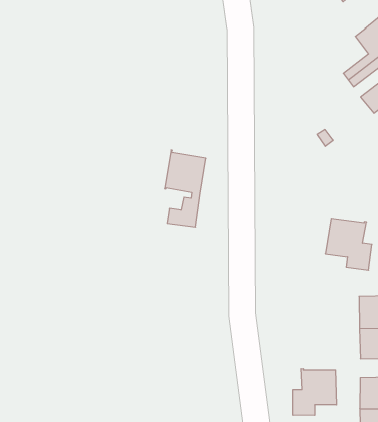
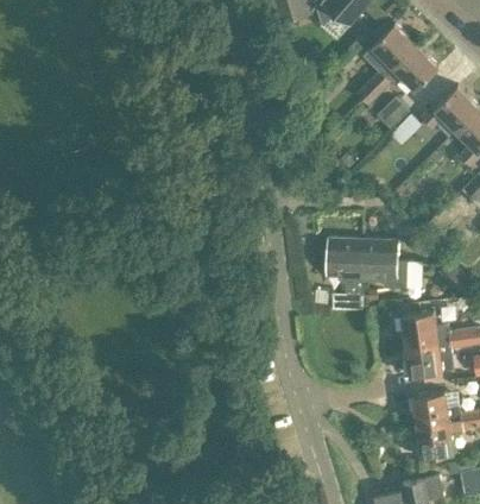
building: [165,150,206,227] -> [326,239,362,313]
building: [293,369,337,415] -> none

